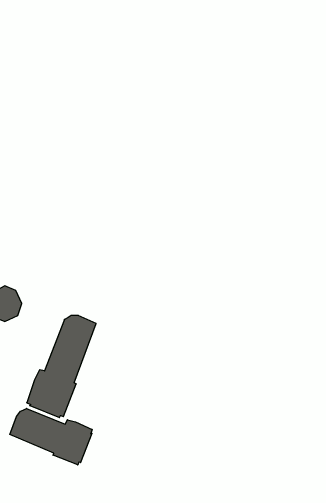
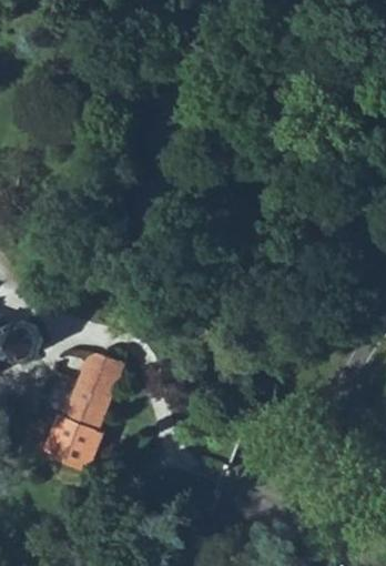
building: [10,408,92,465] -> none

